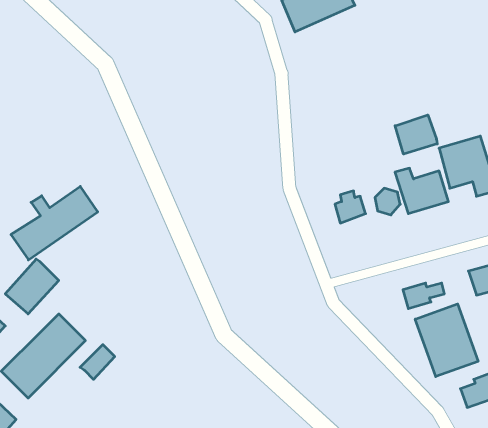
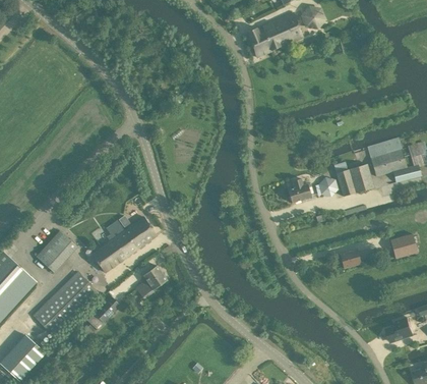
building: [395,115,437,154] -> none
building: [11,186,98,260] -> [92,216,158,272]
building: [415,304,478,377] -> none
building: none -> [135,265,168,298]

